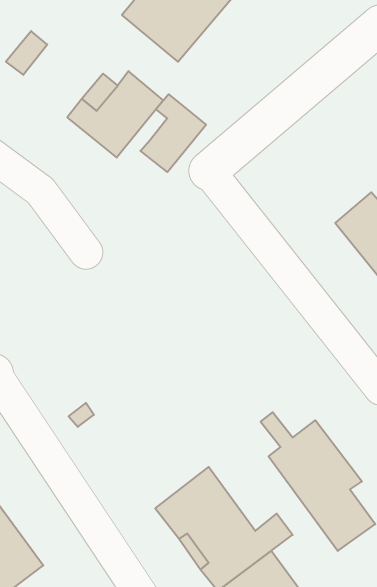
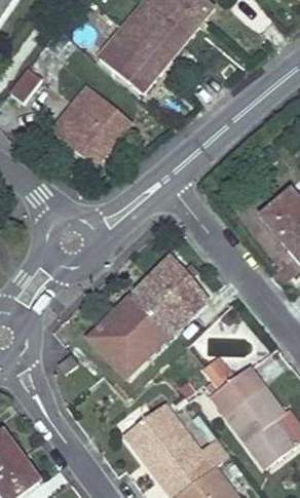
building: [140,94,206,172] -> none
building: none -> [88,257,207,376]

